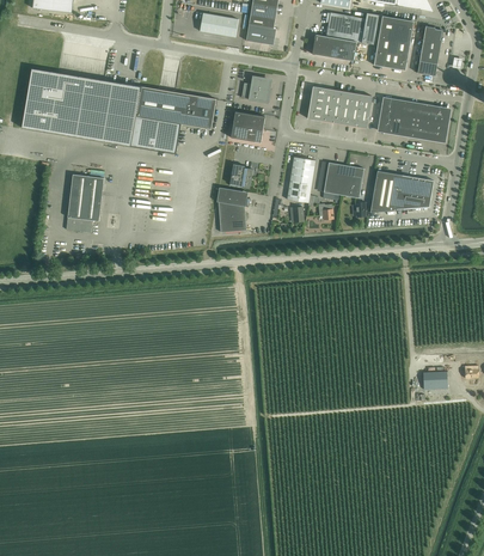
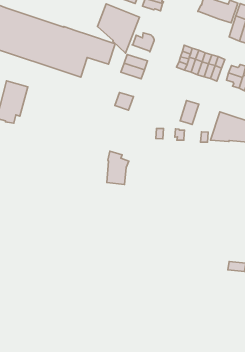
building: [311,33,355,60] -> none
building: none -> [97,4,140,53]
building: [286,155,314,202] -> none
building: [341,164,363,197] -> none
building: [216,187,246,231] -> [107,151,129,184]

